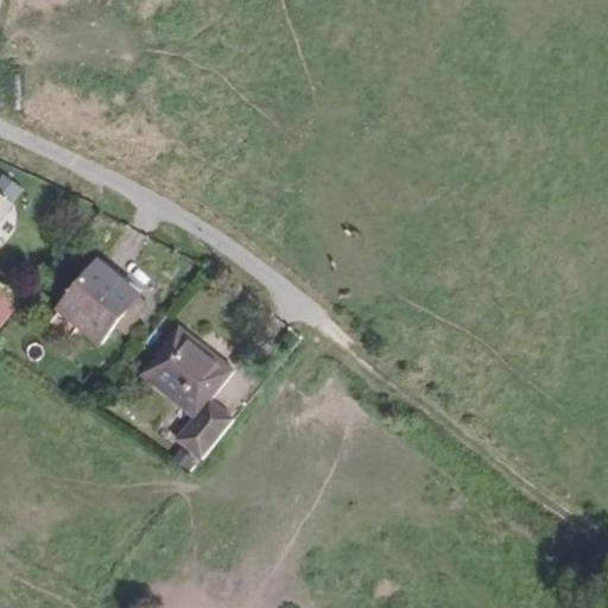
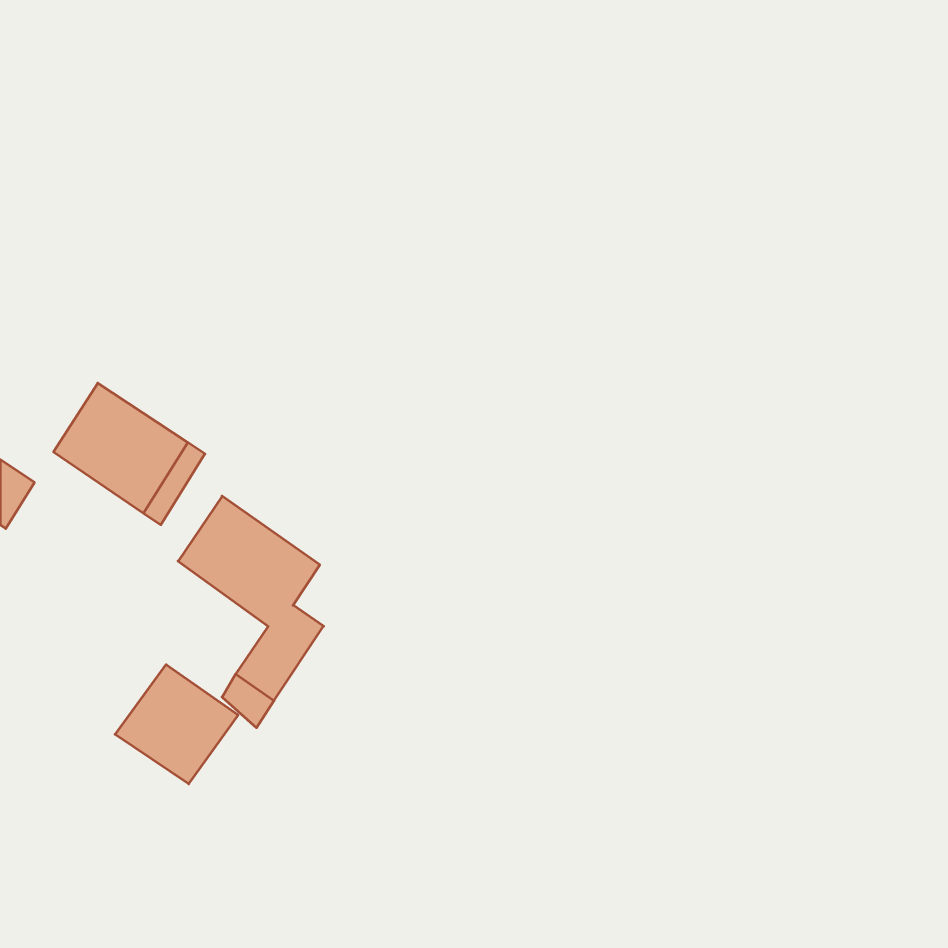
building: none -> [115,665,238,784]

